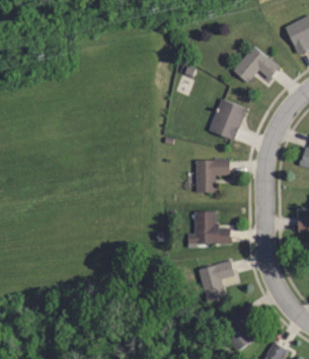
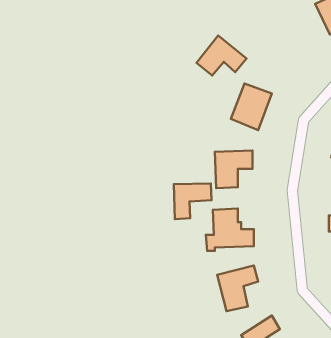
building: [234,46,279,81] -> [196,36,246,75]
building: none -> [174,183,212,219]

